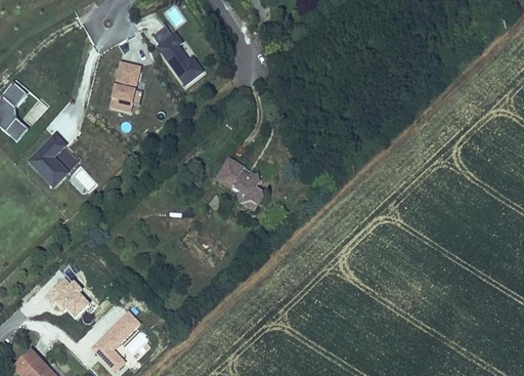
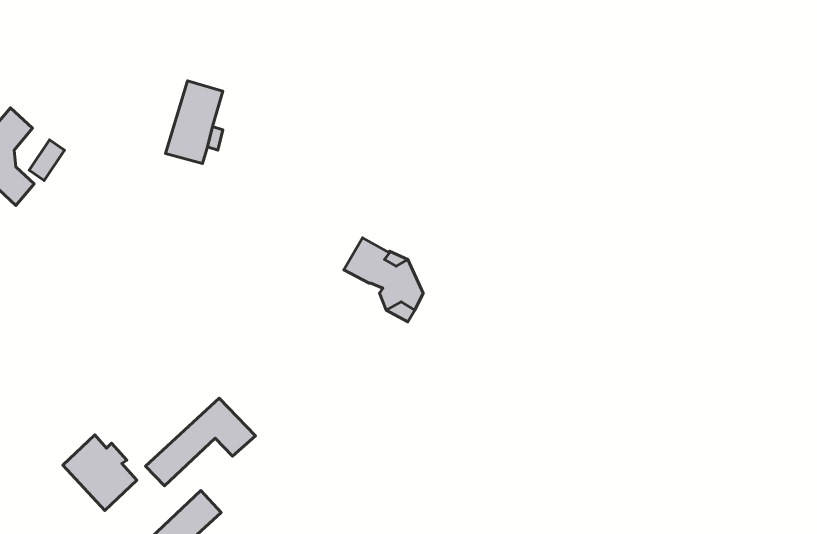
building: [151,24,204,82] -> none
building: [26,130,67,186] -> none
building: none -> [146,398,255,486]

